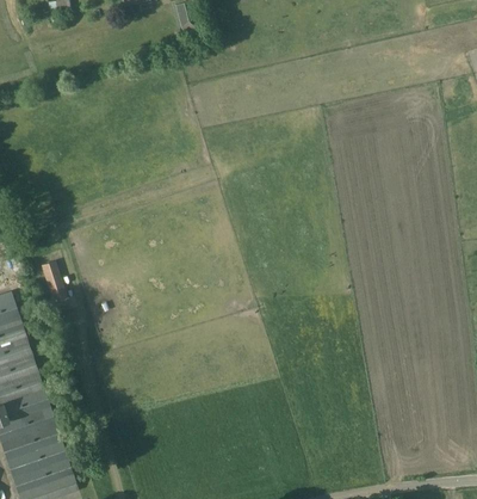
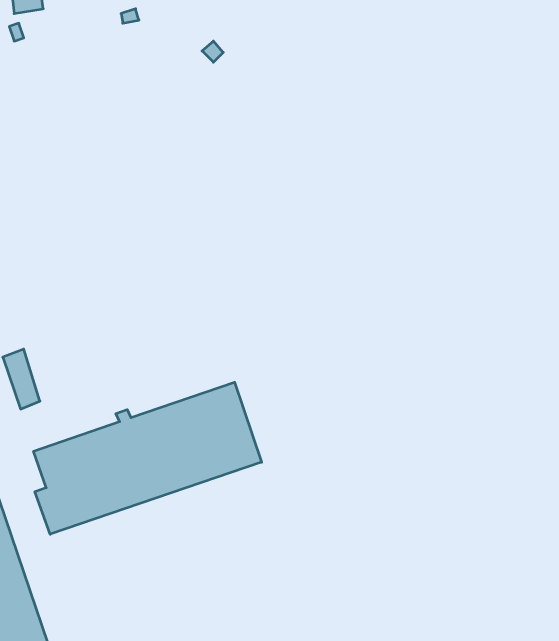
building: none -> [34,382,262,534]

